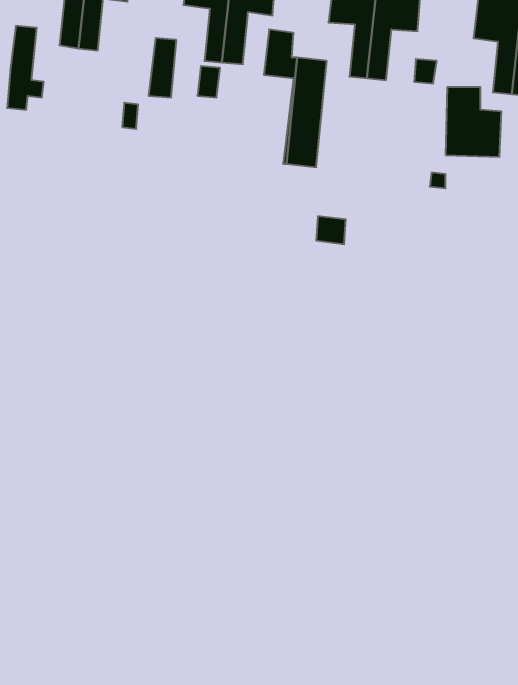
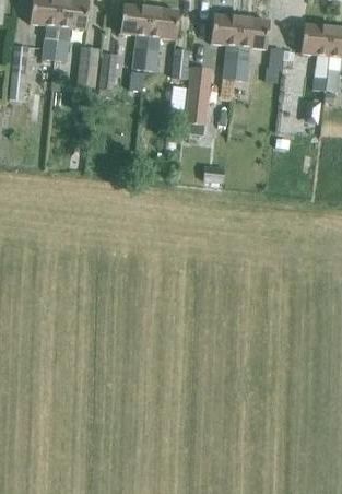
building: none -> [78,45,98,85]

